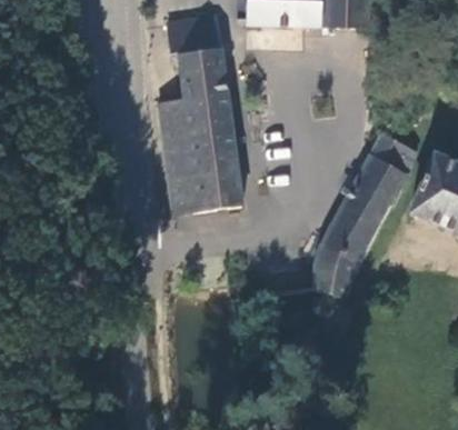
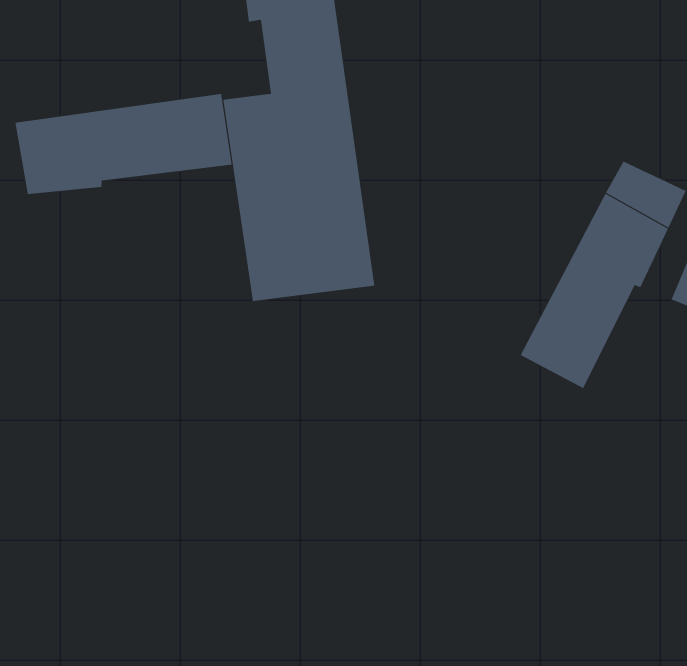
building: none -> [15,93,232,195]
building: [316,242,360,294] -> none

